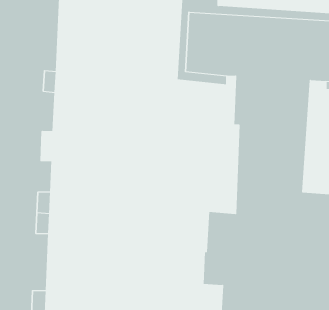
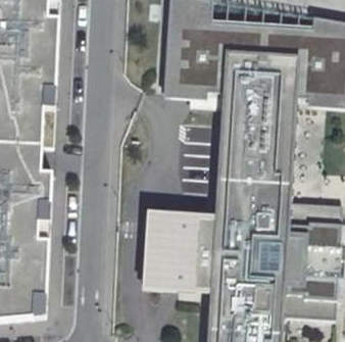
building: none -> [153,216,198,287]

